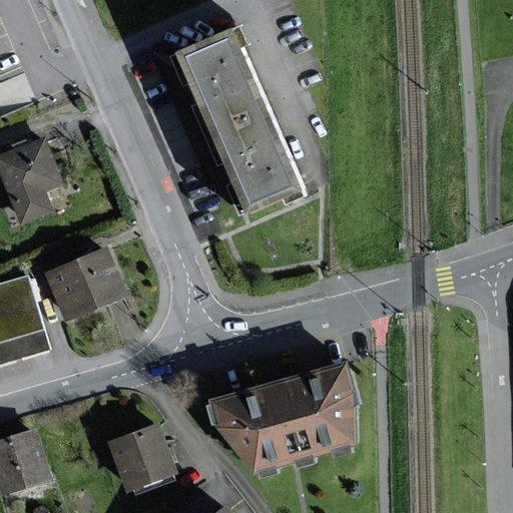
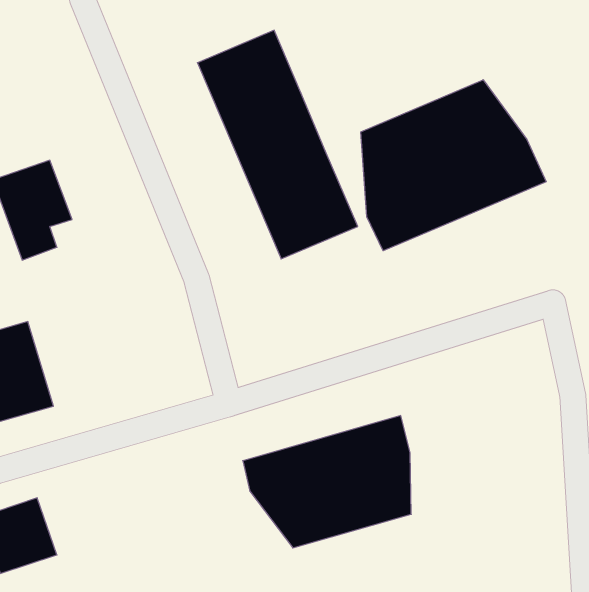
building: none -> [361,80,546,251]
building: [45,248,127,323] -> none
building: [108,425,175,493] -> none

